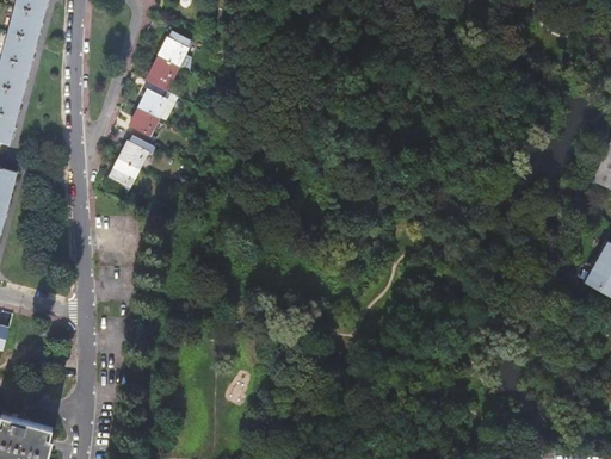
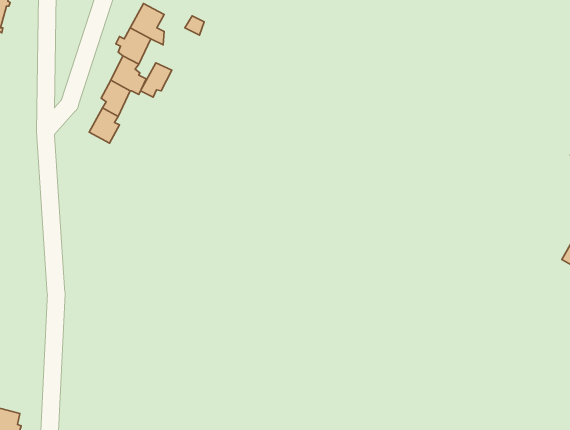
building: none -> [140,63,172,97]
building: [106,157,138,193] -> none

